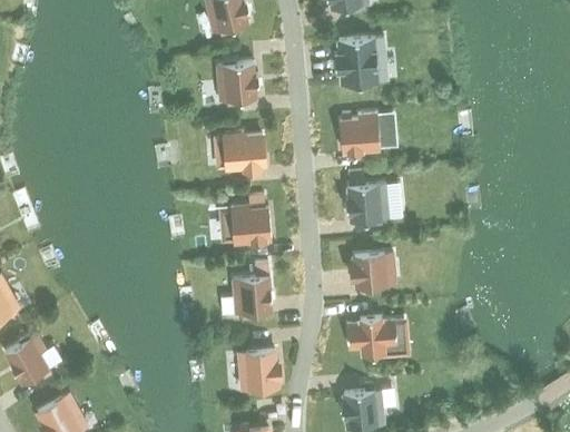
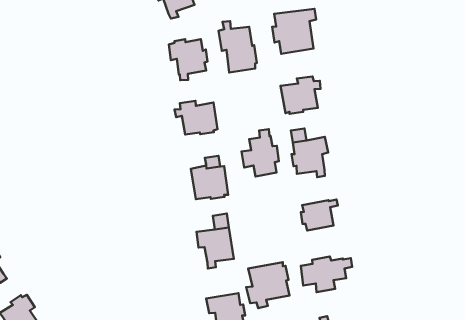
building: none -> [218,21,257,73]
building: none -> [242,129,279,176]
building: none -> [246,262,290,308]

